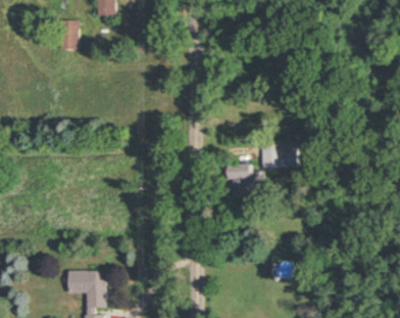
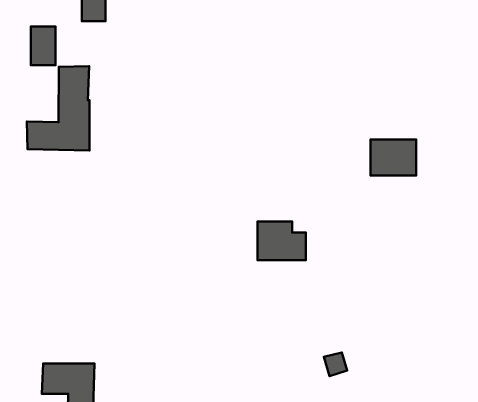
building: none -> [27,66,90,150]
building: [261,142,295,169] -> [371,140,416,175]

